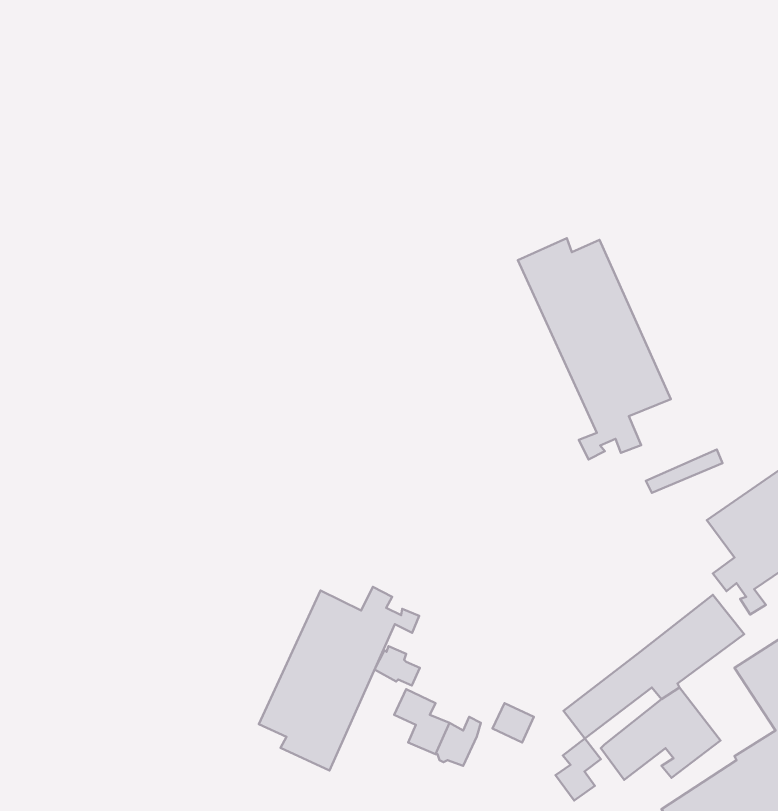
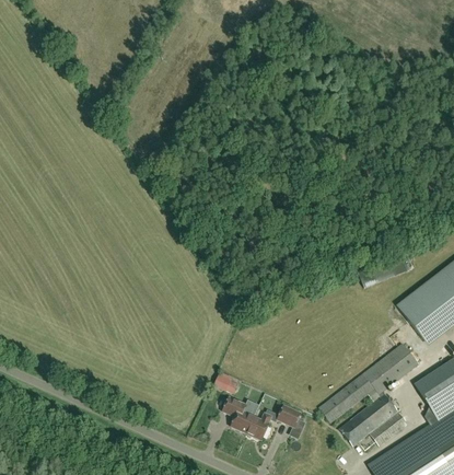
building: [518,238,671,459] -> none
building: [259,587,419,771] -> none
building: [555,738,601,801] -> none

